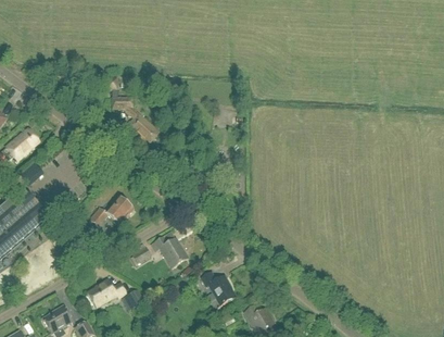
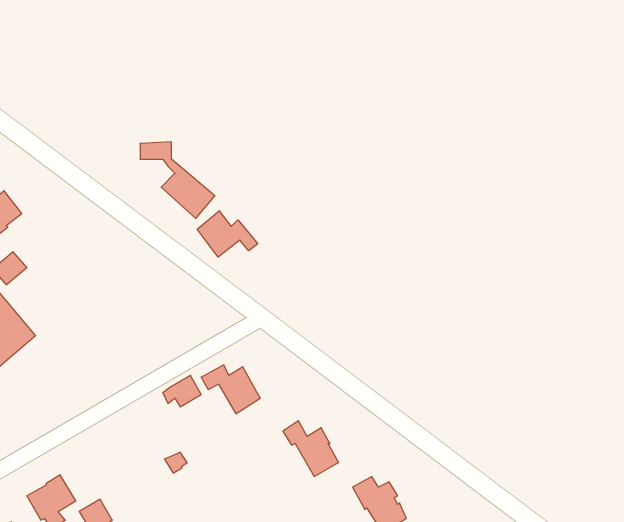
building: none -> [197,211,258,257]
building: [90,197,132,226] -> none
building: [87,278,126,307] -> none

